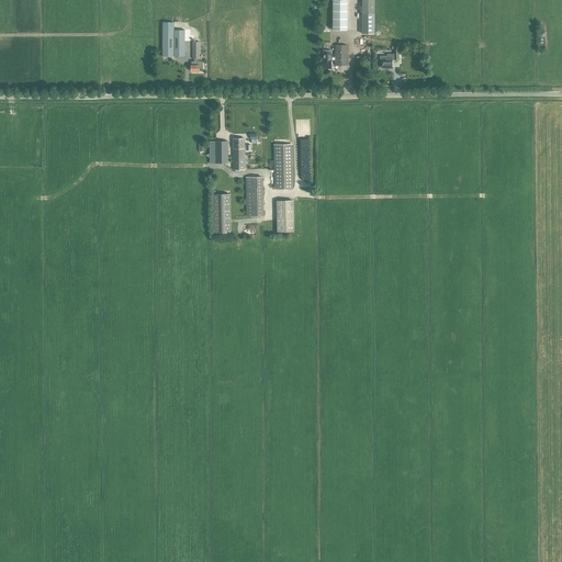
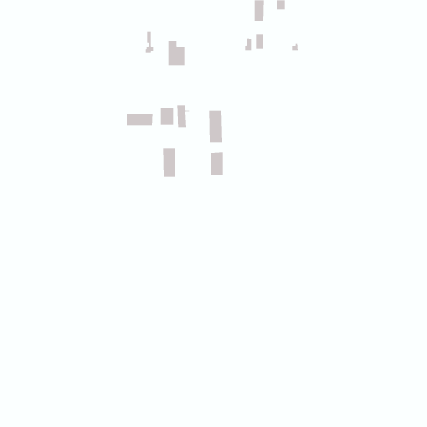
building: [161,21,184,55] -> [168,40,186,66]
building: none -> [126,113,154,126]
building: [246,176,263,215] -> none

